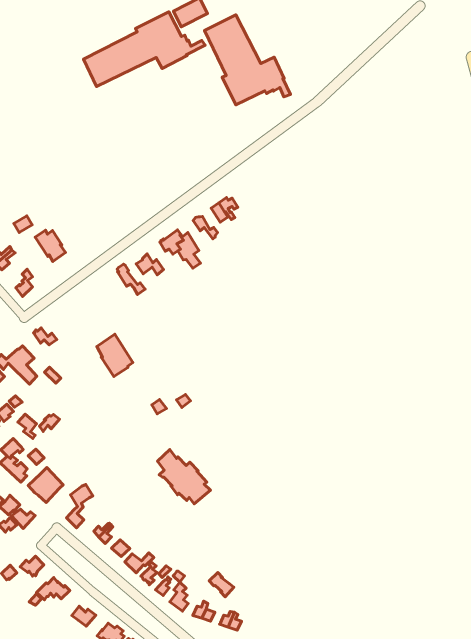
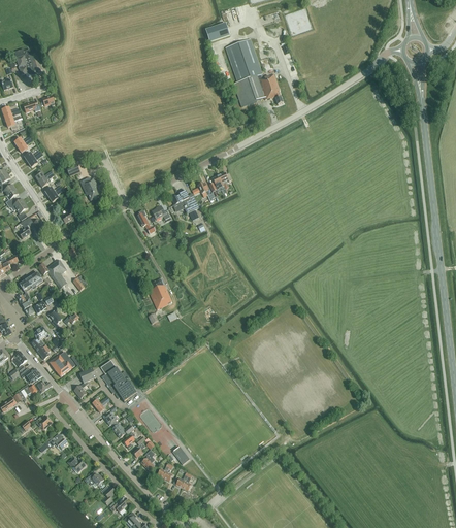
building: [83,12,205,87] -> none
building: [97,334,133,377] -> [146,277,171,308]
building: [157,450,211,504] -> [100,359,136,401]

